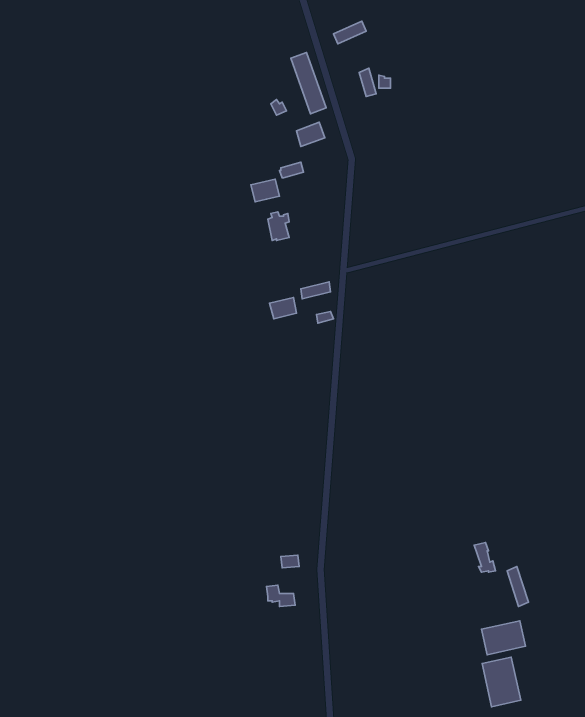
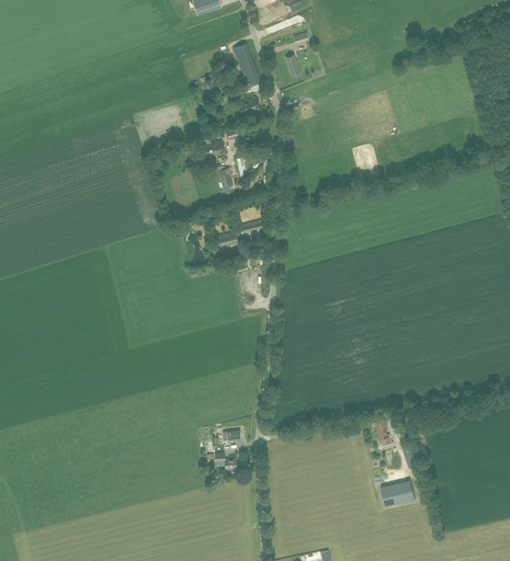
building: [482,657,521,707] -> none

